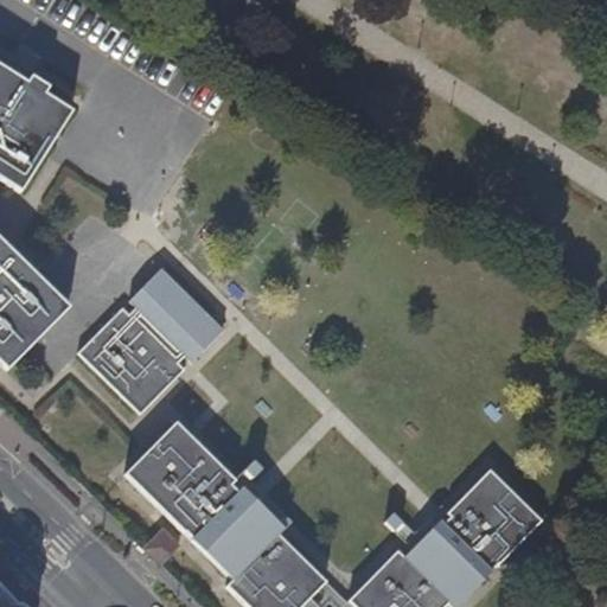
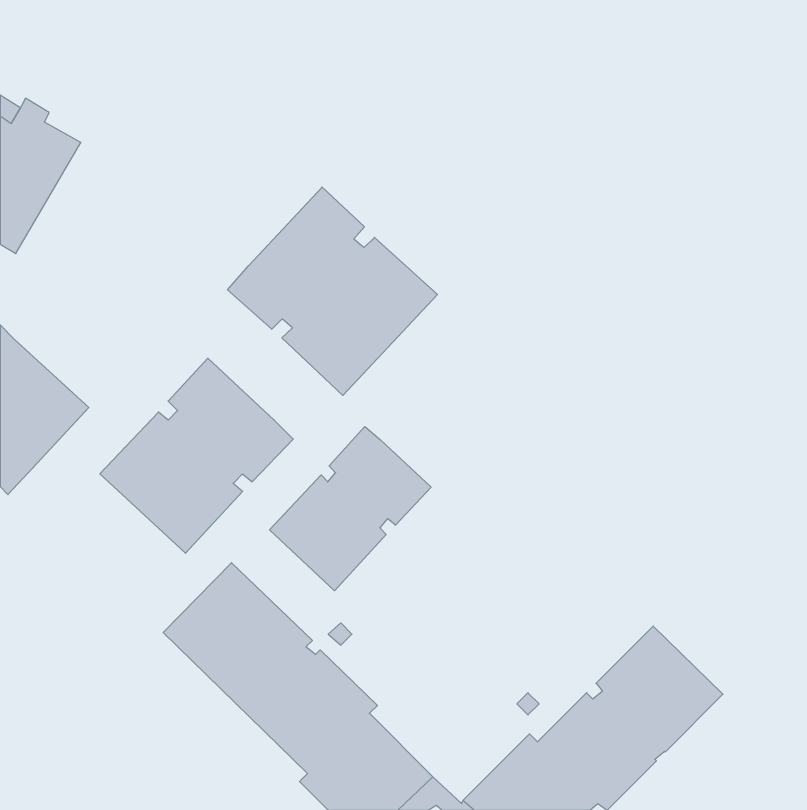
building: none -> [228,187,437,395]
building: none -> [270,427,431,591]

